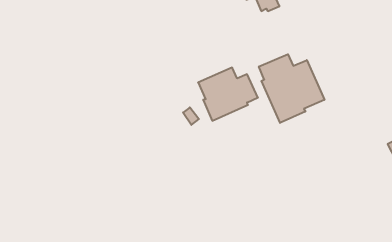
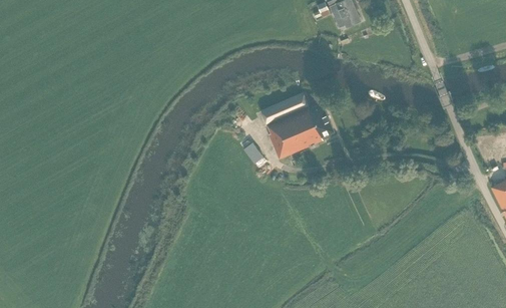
building: [259,54,324,123] -> none

